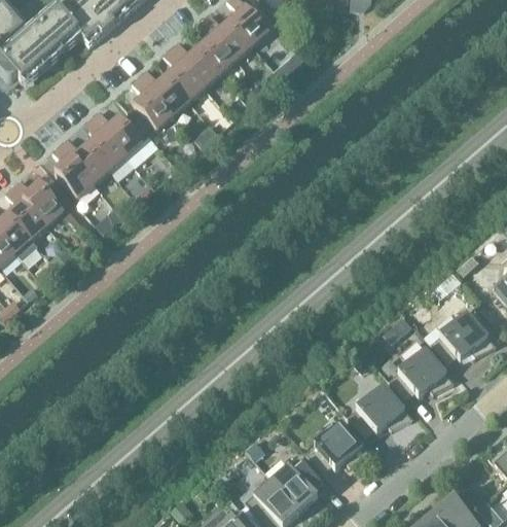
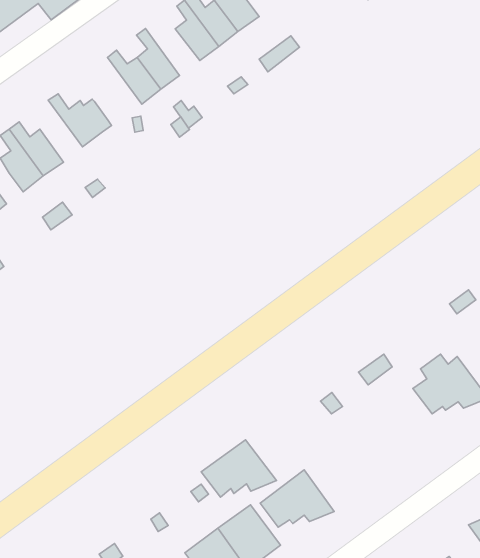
building: [173,41,222,86] -> none
building: [134,76,175,131] -> none
building: [86,117,126,170] -> none
building: [389,339,454,399] -> none
building: [347,384,412,435] -> [201,440,277,497]

